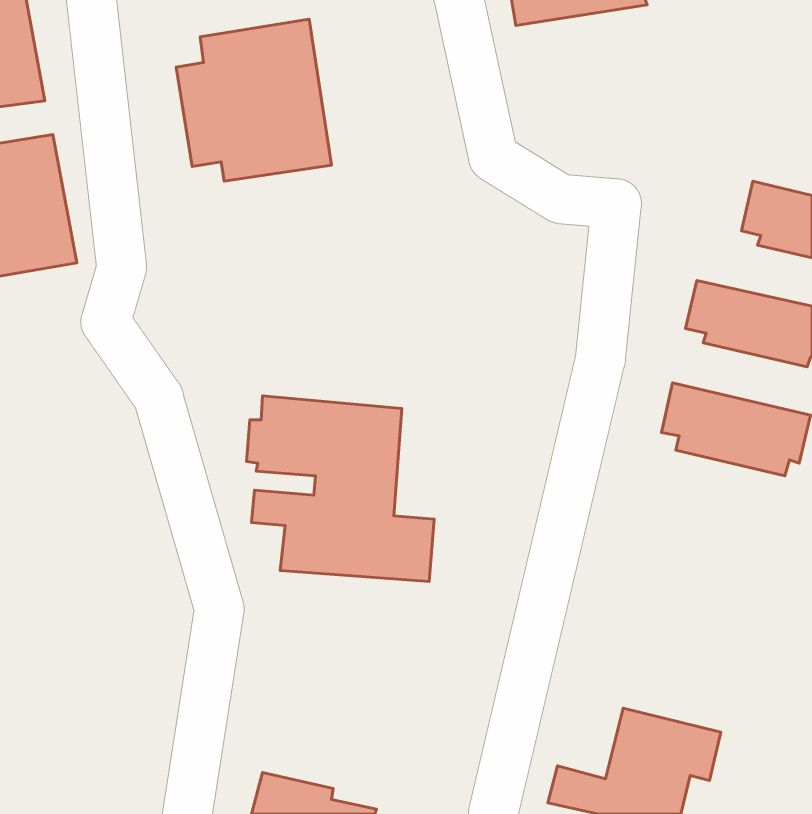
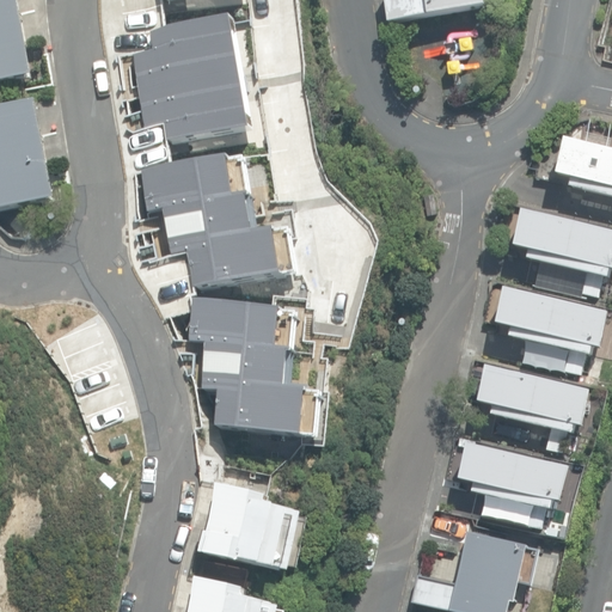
building: none -> [140,148,299,288]
building: none -> [477,365,587,434]
building: none -> [457,442,568,510]
building: none -> [201,483,306,568]

